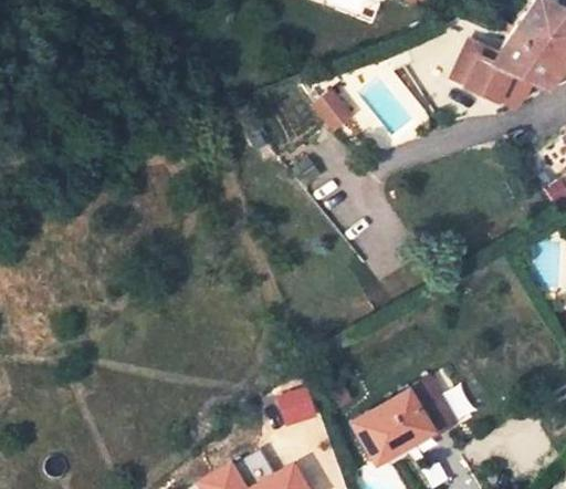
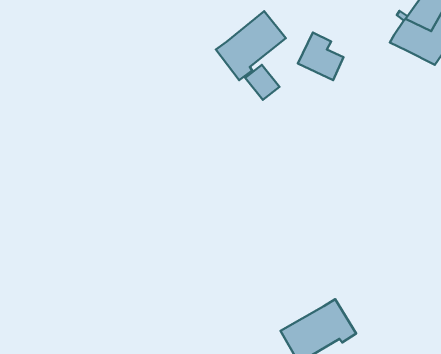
building: none -> [216,11,286,80]
building: [457,39,514,98] -> [298,33,344,80]

